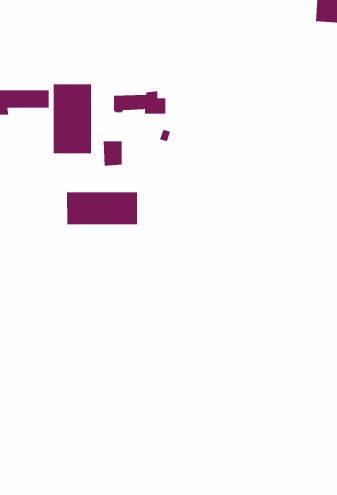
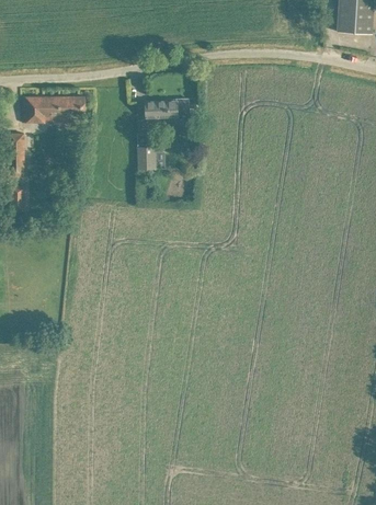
building: [53,83,91,154] -> none
building: [67,192,138,225] -> none

